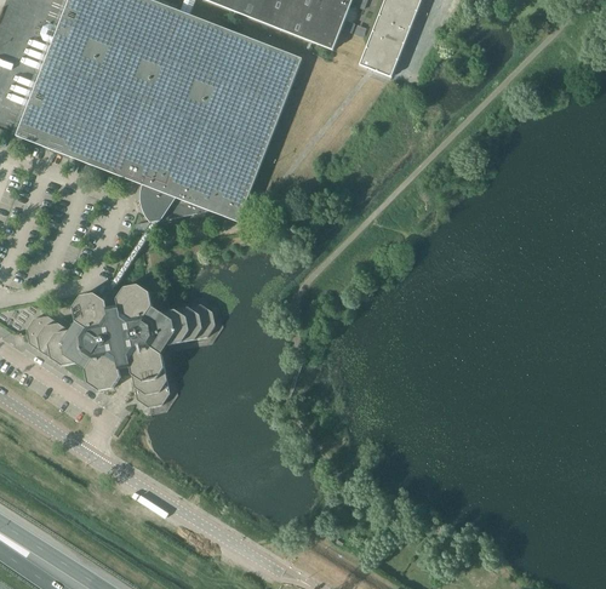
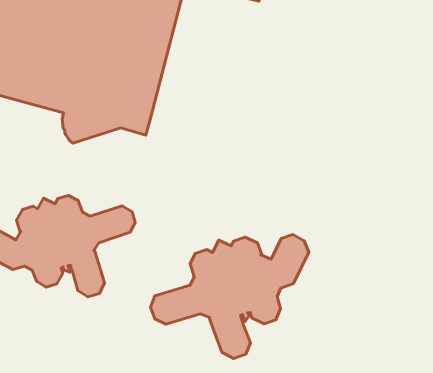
building: none -> [150,235,309,359]

